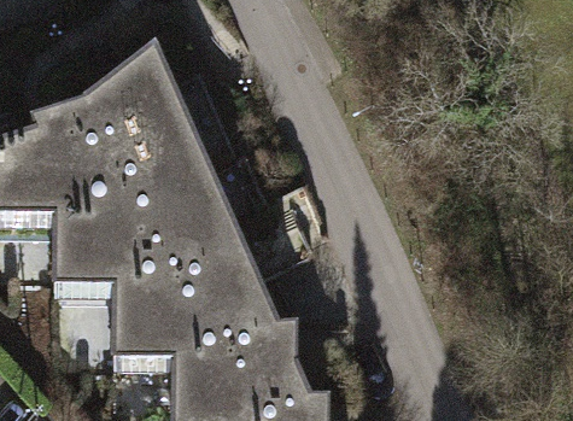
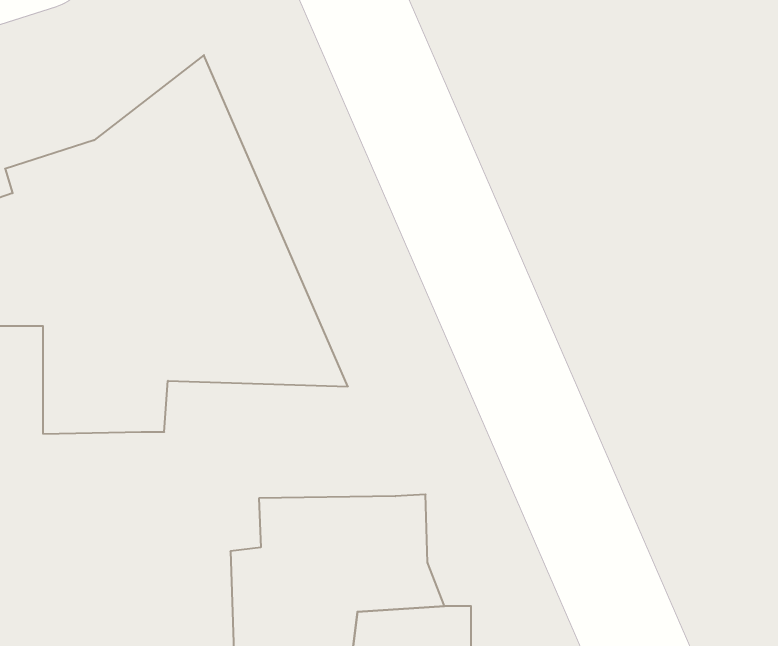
building: [116,251,277,359] -> none

